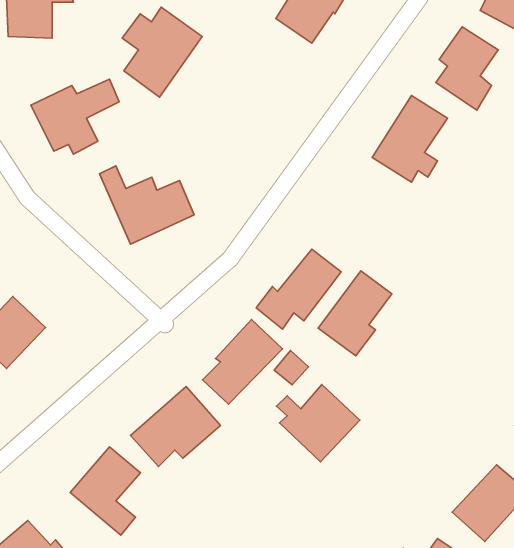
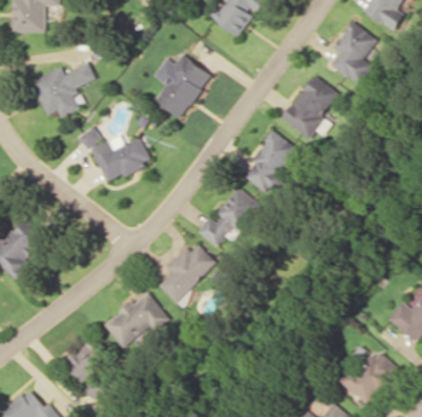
building: [122,7,202,97] -> [152,52,212,118]
building: [318,271,392,356] -> [243,131,297,193]
building: [277,385,360,462] -> none

